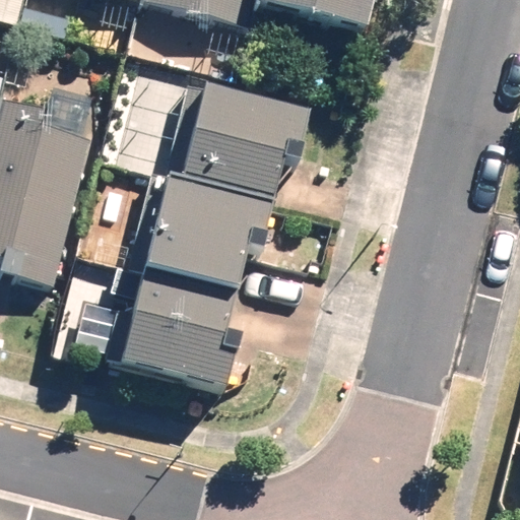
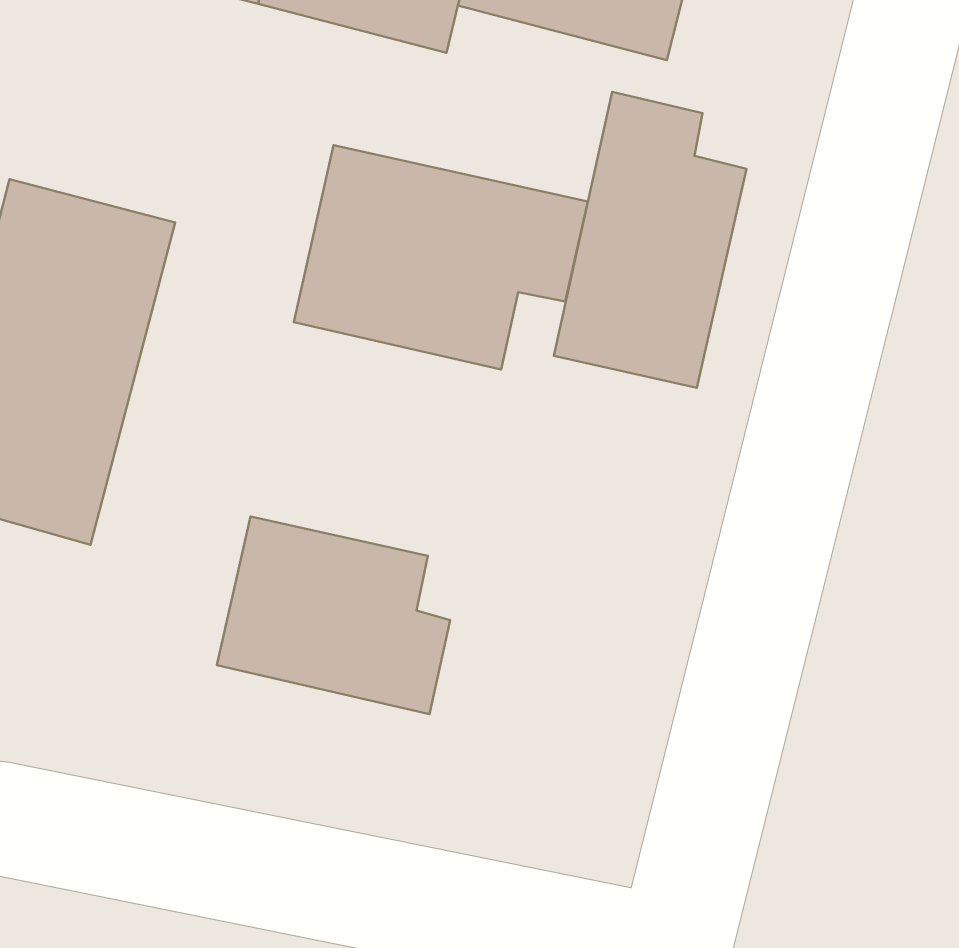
building: none -> [554,92,747,388]
building: [137,174,270,287] -> none

